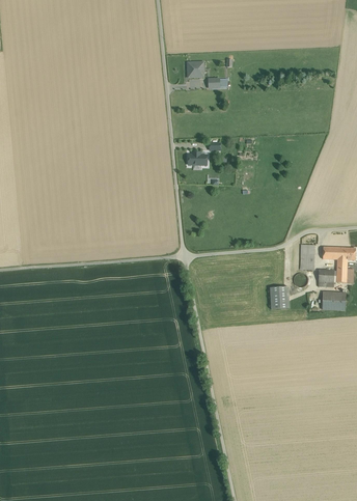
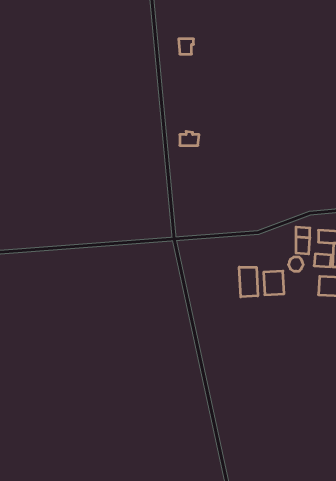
building: none -> [239,267,258,297]

